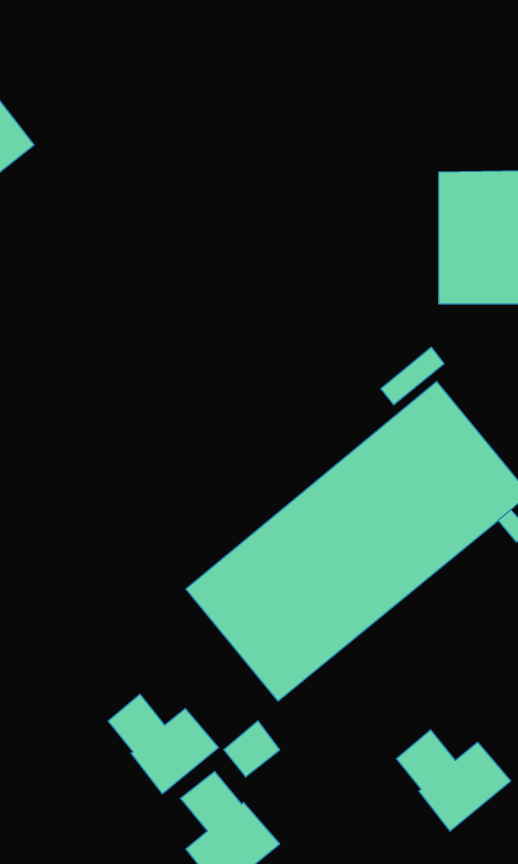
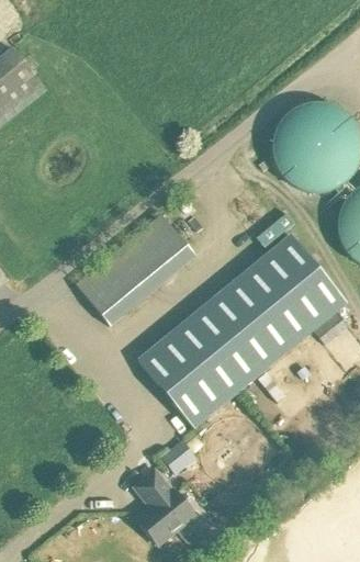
building: none -> [71,215,190,327]
building: [108,694,219,794] -> none
building: [396,730,511,831] -> none

